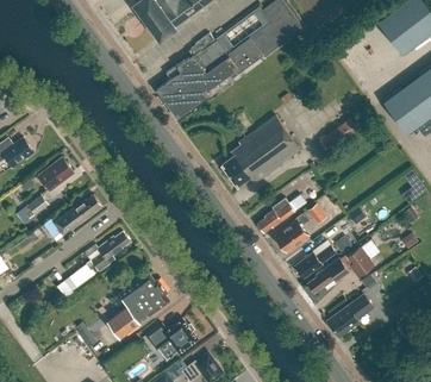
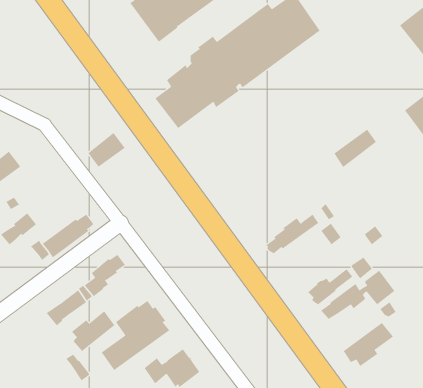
building: [221,115,301,187] -> none
building: [39,157,74,189] -> [88,132,126,168]
building: [276,212,310,251] -> none
building: none -> [71,311,115,352]

